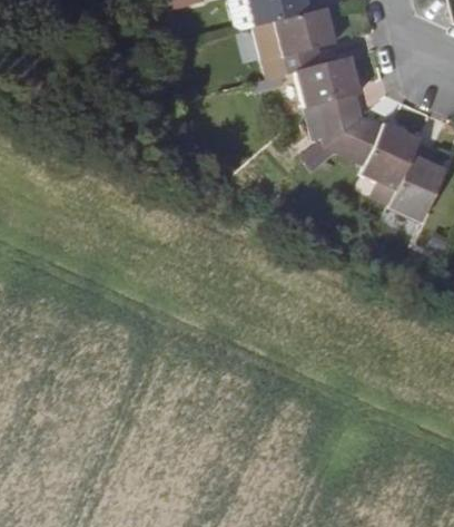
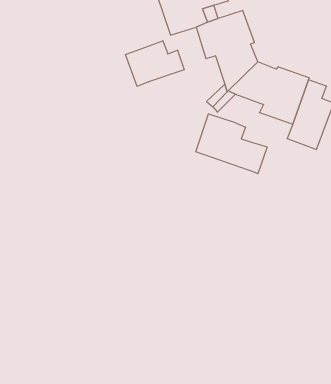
building: none -> [126,41,184,86]
building: none -> [196,114,267,174]

